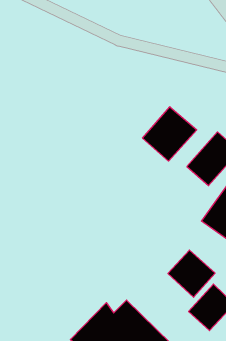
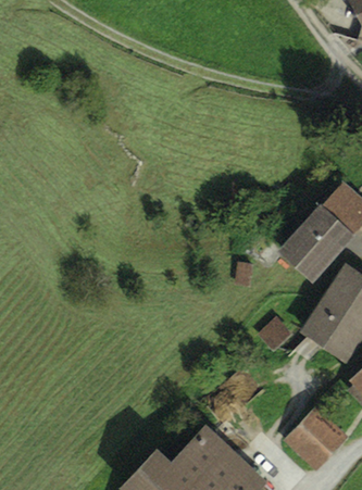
building: [143,107,197,161] -> none
building: [168,250,215,297] -> none

